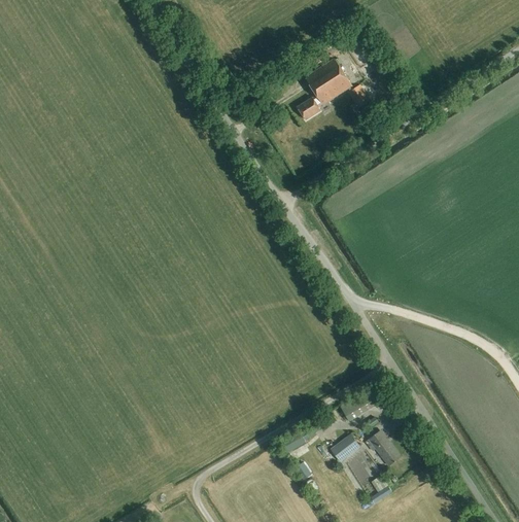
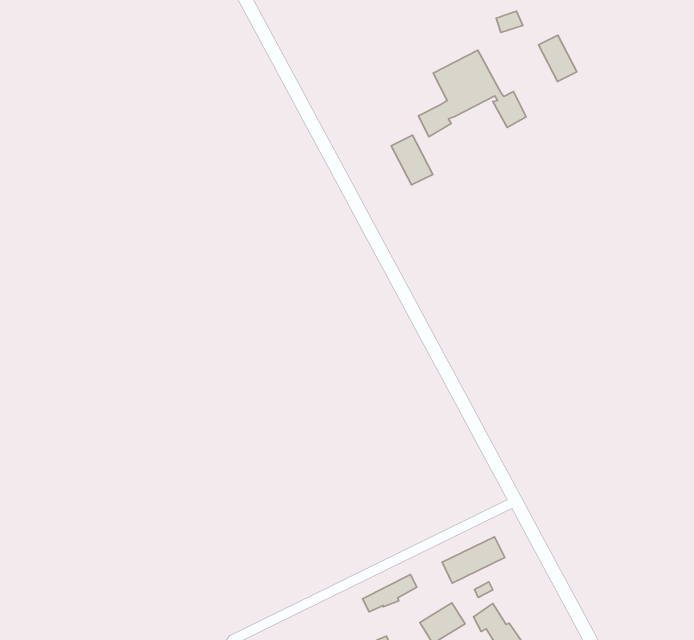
building: none -> [539,35,577,82]
building: none -> [391,135,433,185]

